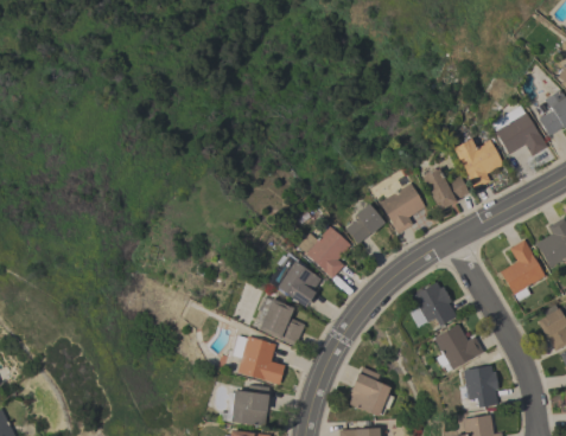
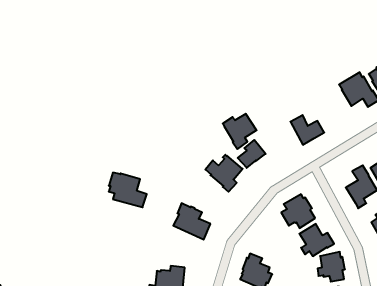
building: [452,139,504,190] -> none
building: [377,184,426,235] -> [223,114,257,149]
building: [268,256,322,307] -> none
building: [231,335,286,385] -> [109,173,147,207]

